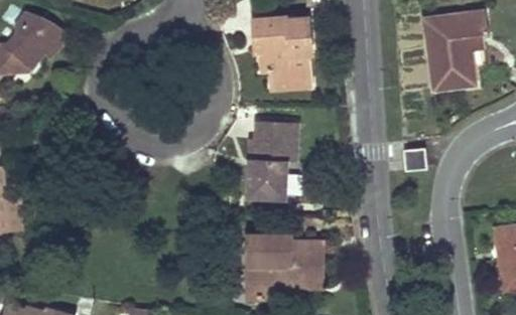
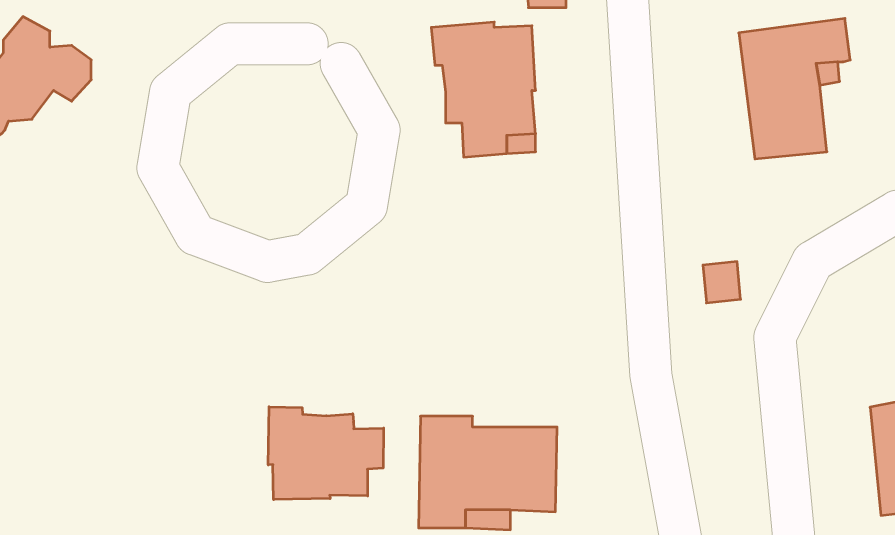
building: [247,122,297,200] -> none
building: none -> [268,407,384,500]

